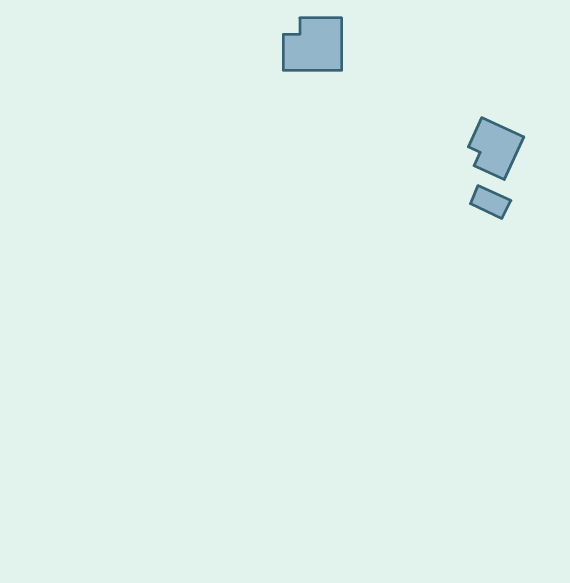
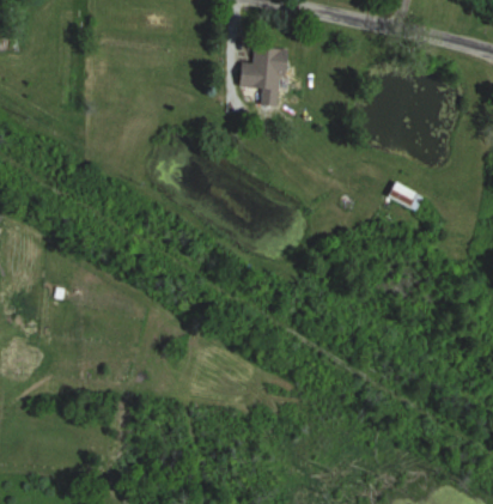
building: [468,118,524,180] -> none

